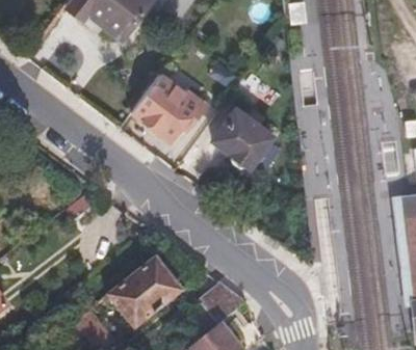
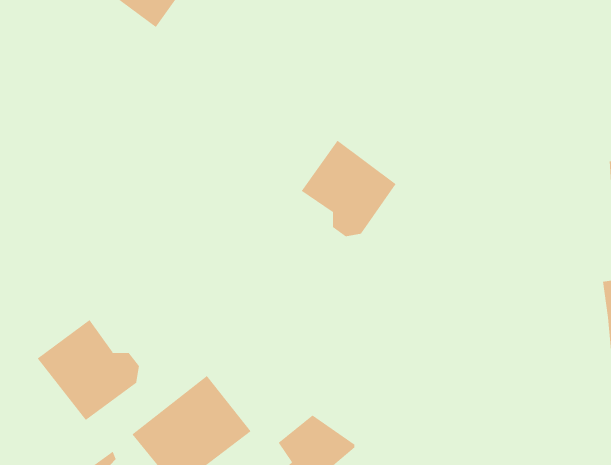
building: [131,76,203,139] -> none
building: none -> [37,319,140,421]

